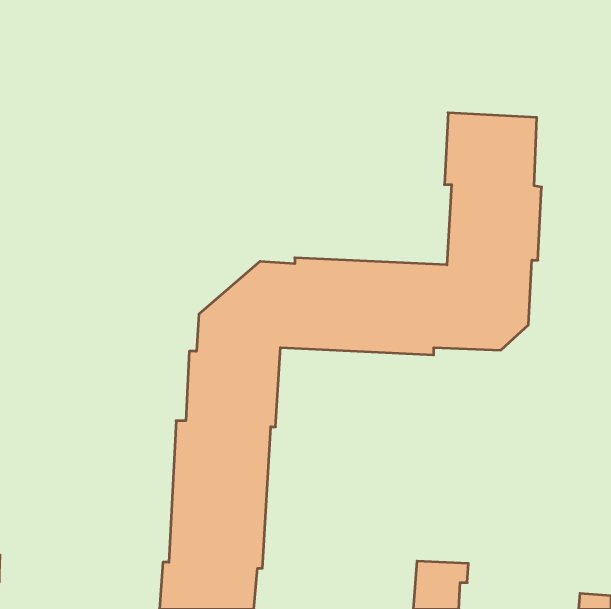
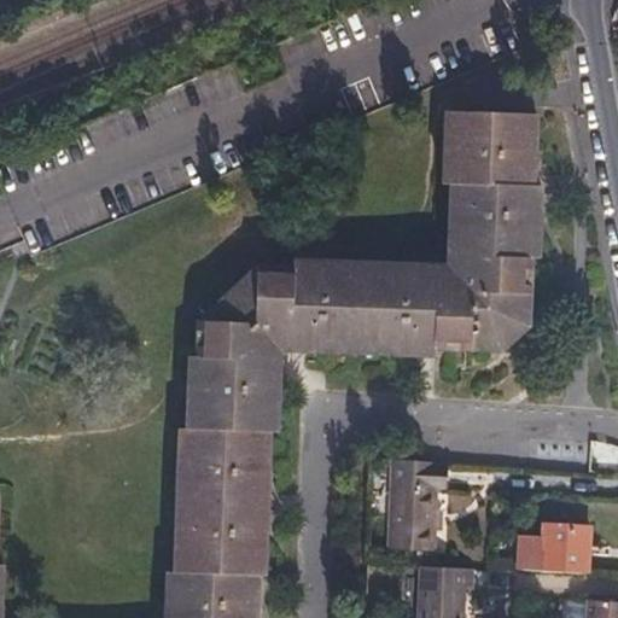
building: none -> [389,459,445,550]
building: none -> [520,525,587,572]

